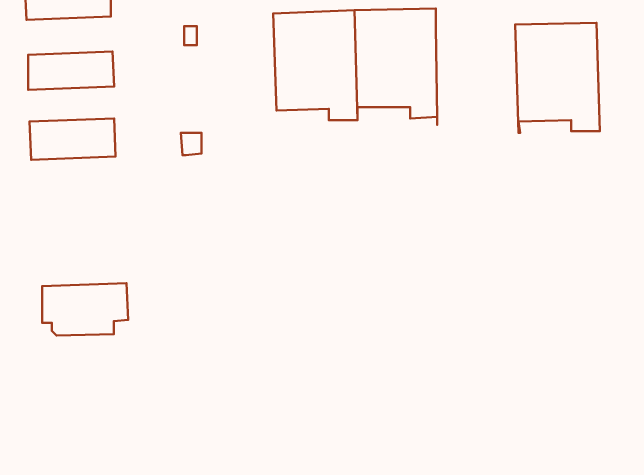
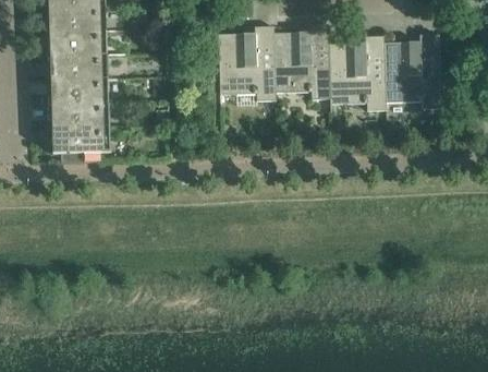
building: none -> [49,32,108,58]
building: none -> [329,37,386,112]
building: none -> [50,80,109,104]
building: [42,283,128,336] -> [52,128,111,164]

